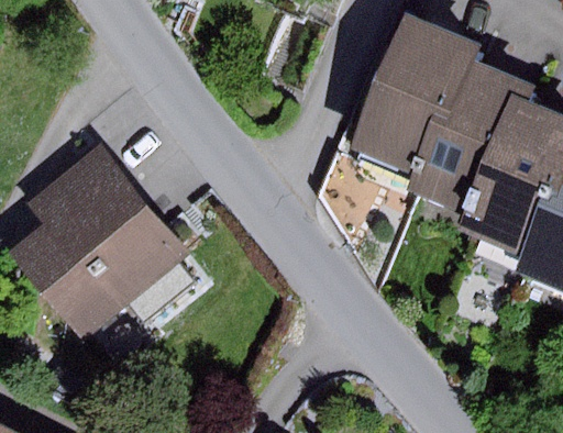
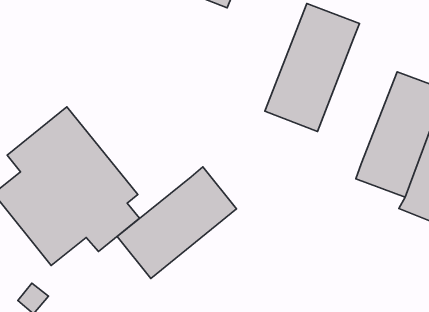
building: [411,56,523,213] -> none
building: none -> [117,167,237,279]

